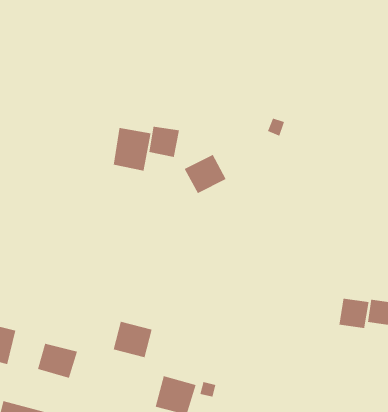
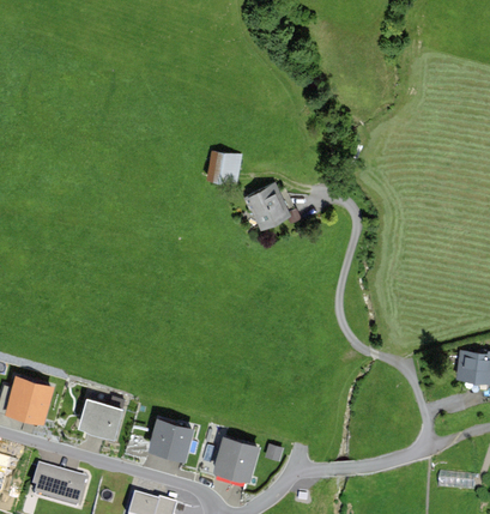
building: [113,127,151,172] -> none
building: [339,298,369,329] -> none
building: [113,321,152,358] -> [147,419,193,461]

